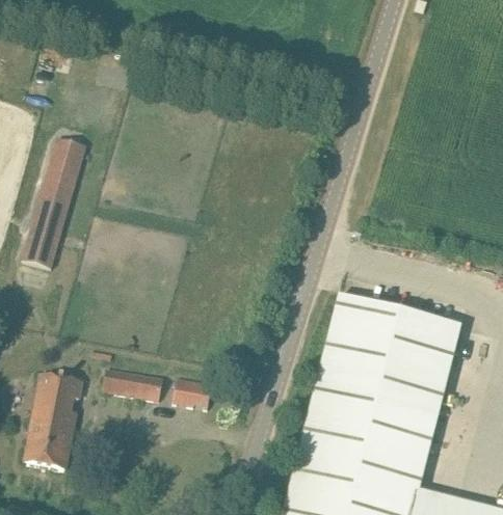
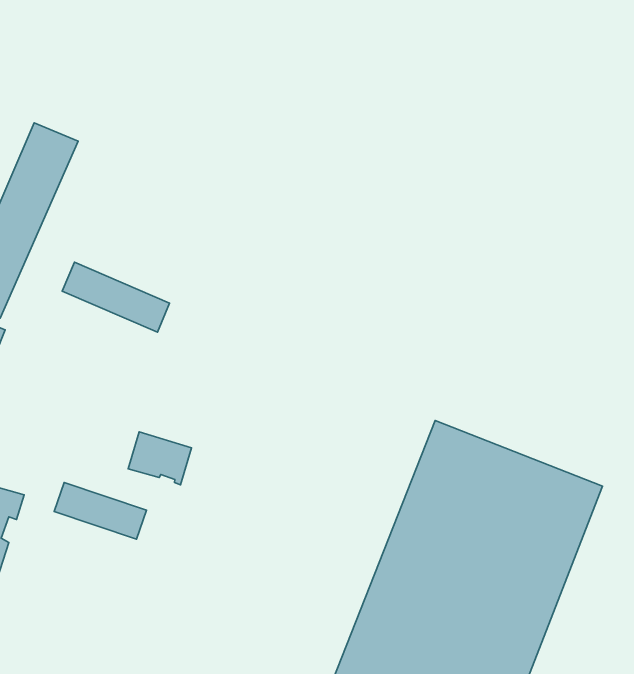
building: none -> [62,262,170,332]
building: [171,376,211,407] -> [128,432,191,485]

